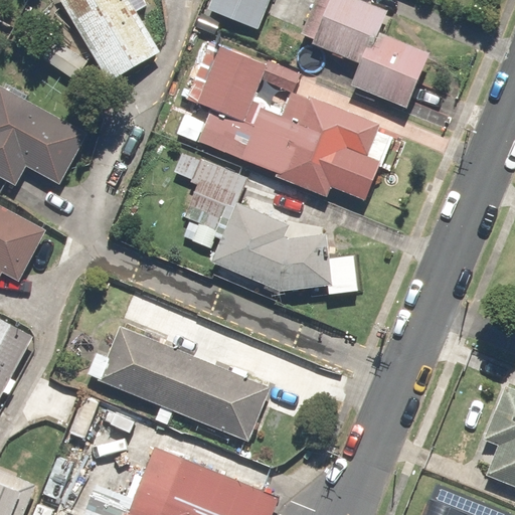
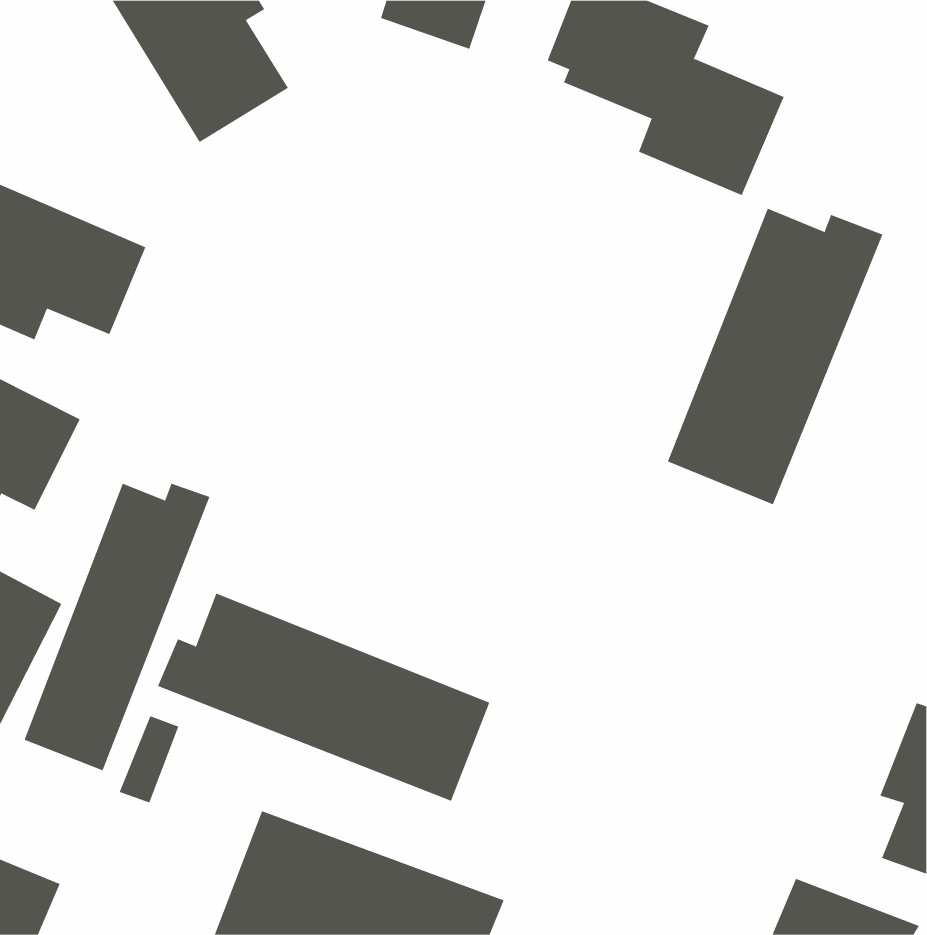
building: [188,42,388,197] -> none
building: none -> [667,208,883,505]
building: [175,150,332,289] -> none
building: none -> [24,483,210,771]

